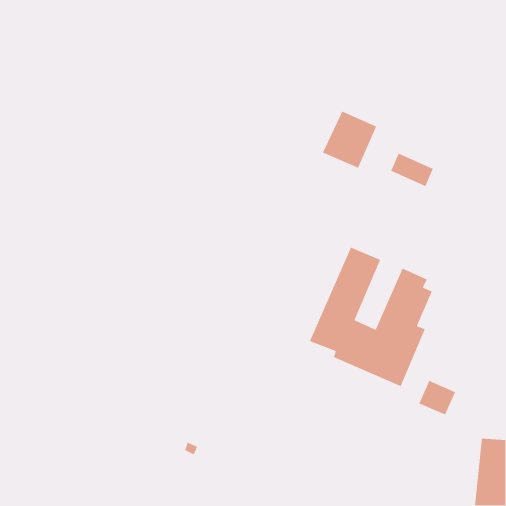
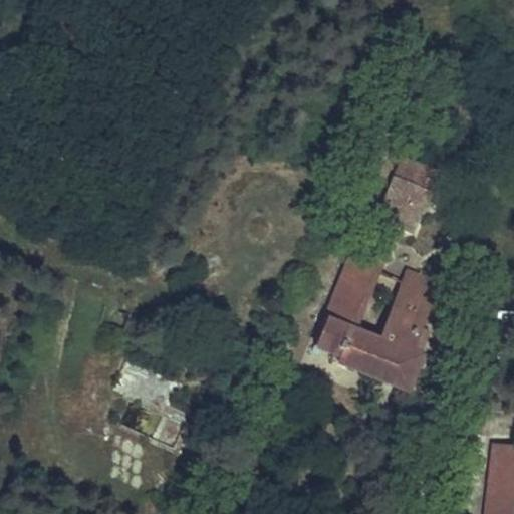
building: [322,110,377,169] -> [375,174,432,233]
building: [418,380,456,416] -> none

